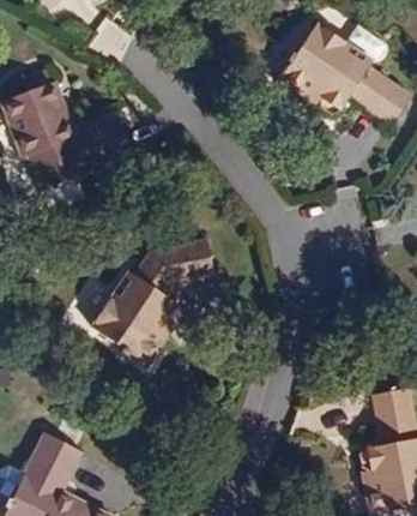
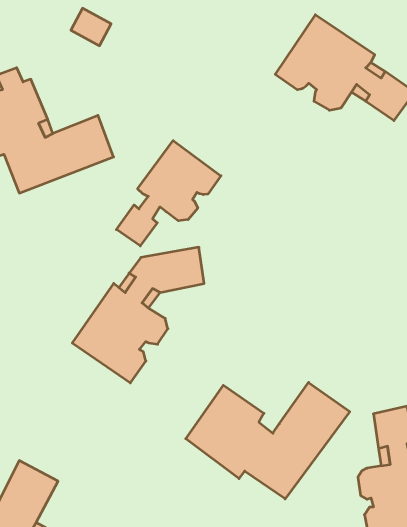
building: none -> [116,141,221,246]
building: none -> [186,382,350,499]

